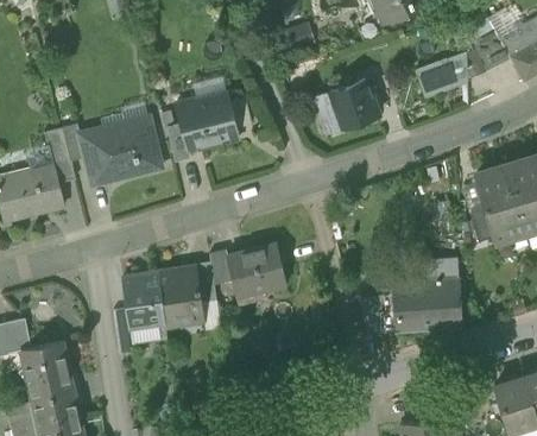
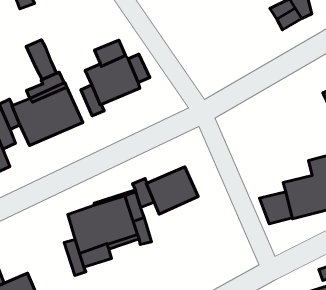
building: none -> [26,40,57,79]
building: [329,80,378,128] -> none

